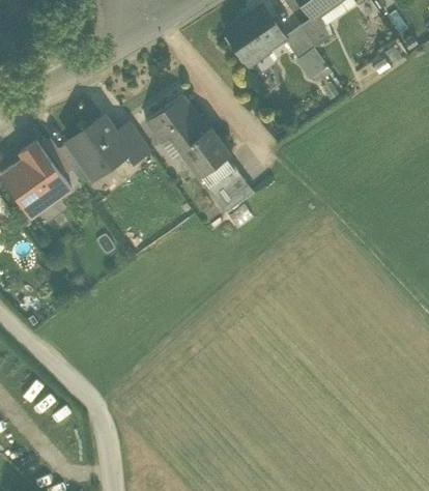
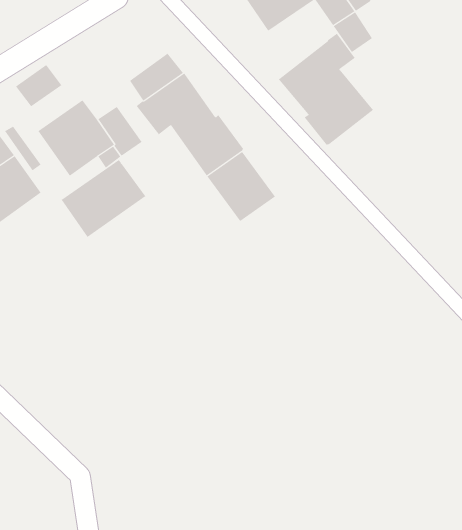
building: none -> [278,33,374,146]
building: none -> [15,64,62,107]
building: none -> [61,159,146,238]

